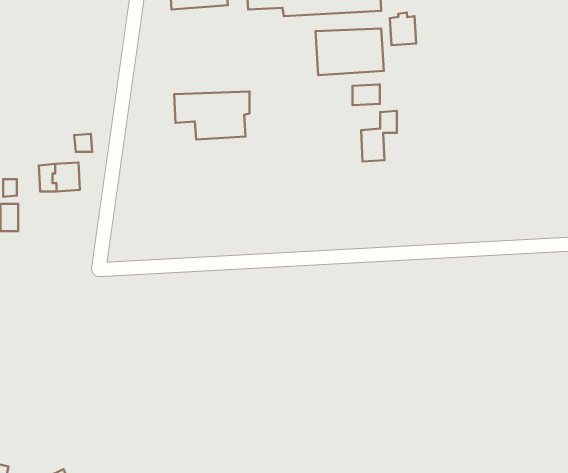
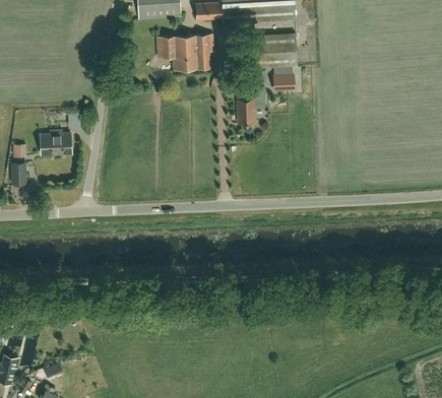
building: [390,12,416,45] -> none
building: [174,91,249,139] -> [156,35,212,70]
building: [361,111,397,162] -> [237,86,263,124]

